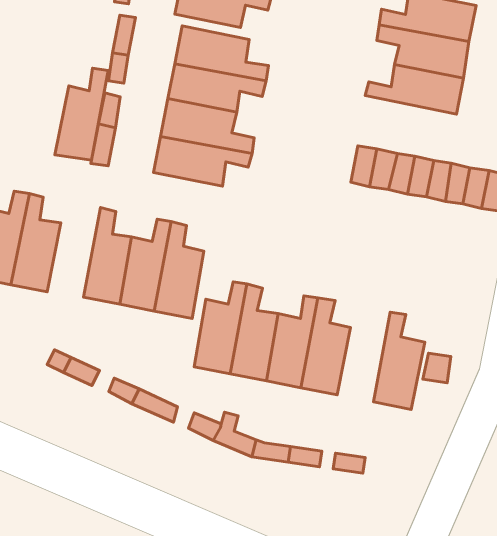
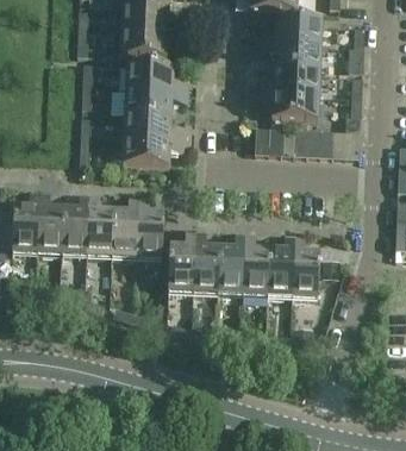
building: [55,68,108,160] -> [62,193,89,255]
building: none -> [256,92,319,120]
building: none -> [267,233,294,296]

